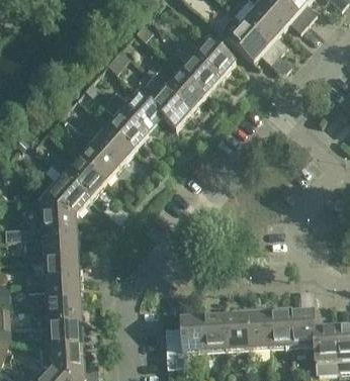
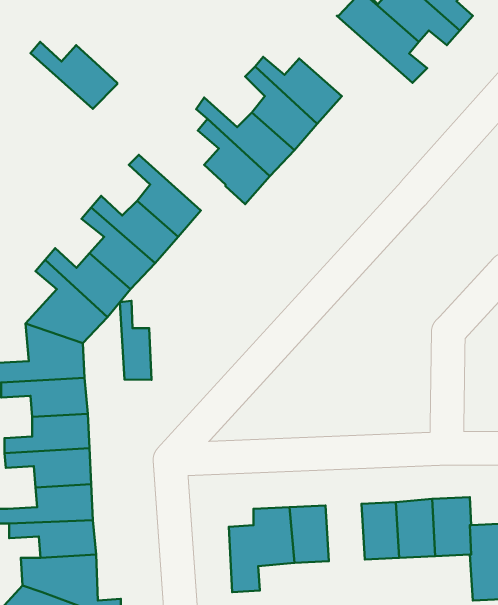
building: [217,12,278,63] -> none
building: [109,91,163,132] -> [30,42,117,109]
building: none -> [120,301,151,380]
building: [225,313,249,349] -> none

